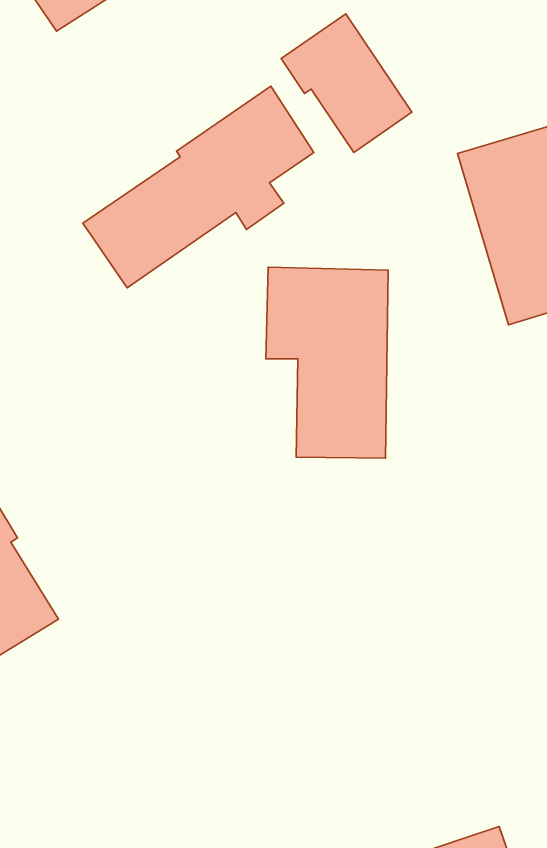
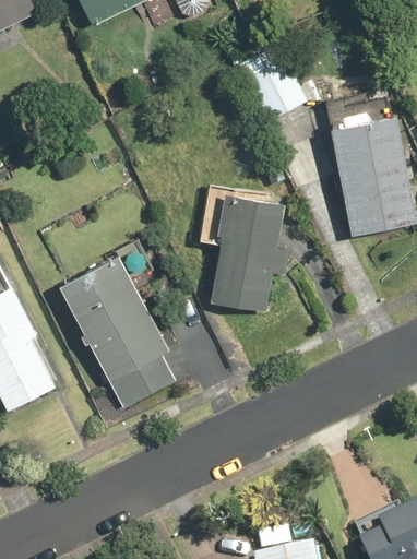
building: [83,86,314,288] -> none
building: none -> [60,257,212,408]

